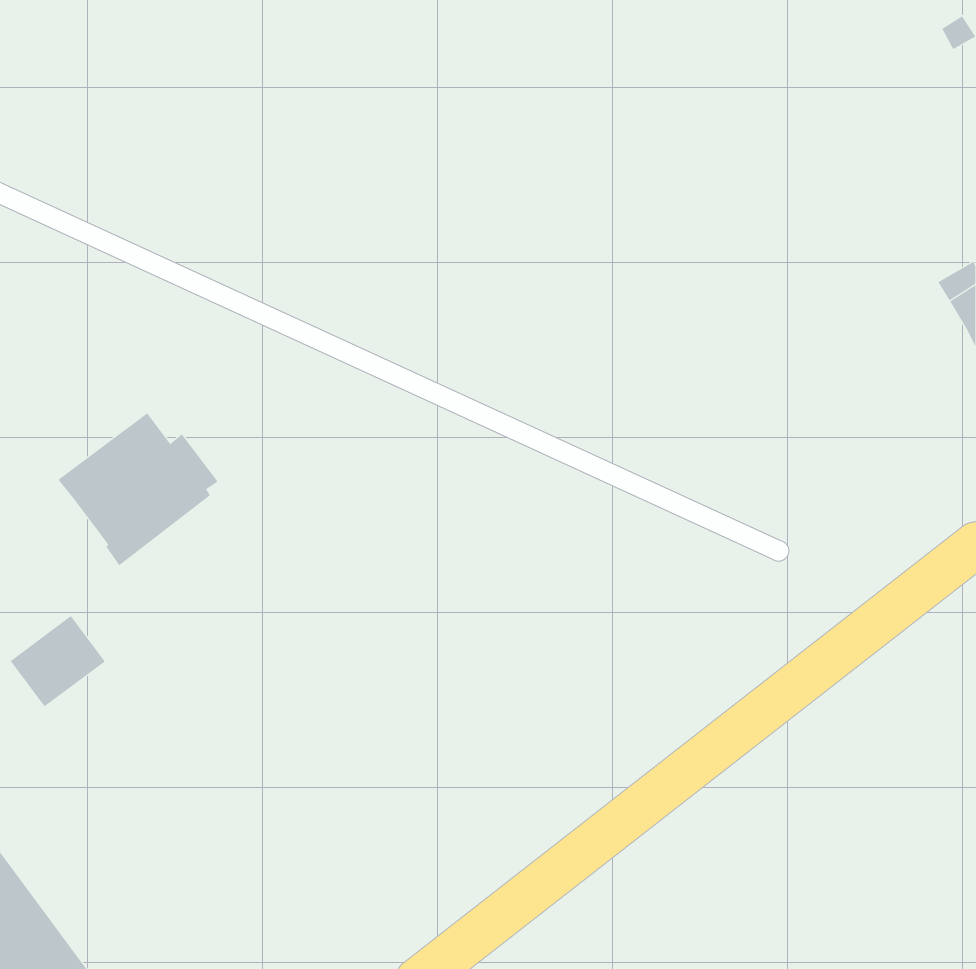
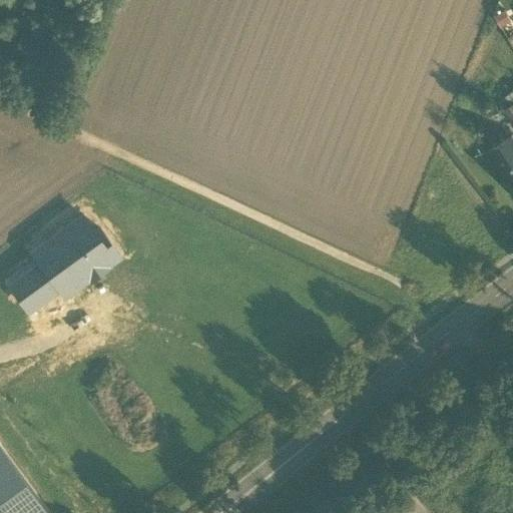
building: [10,615,106,707] -> [6,267,56,315]

